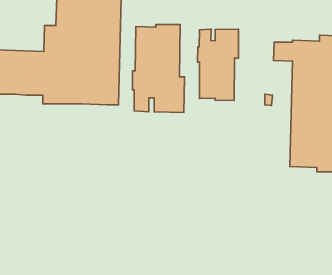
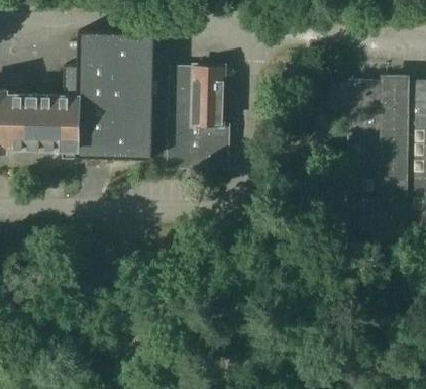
building: [198,29,239,101] -> none

